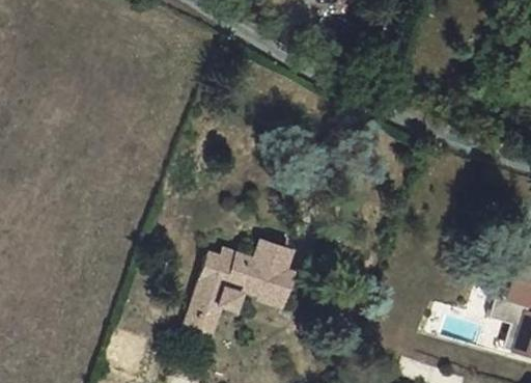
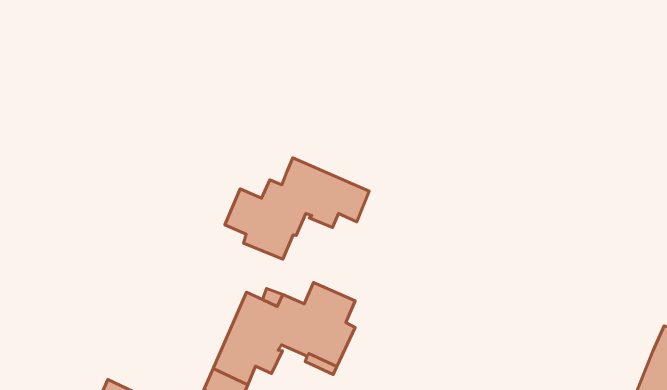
building: none -> [225,158,369,259]

